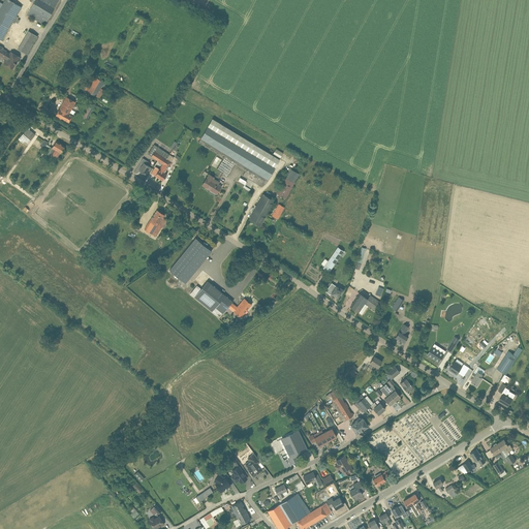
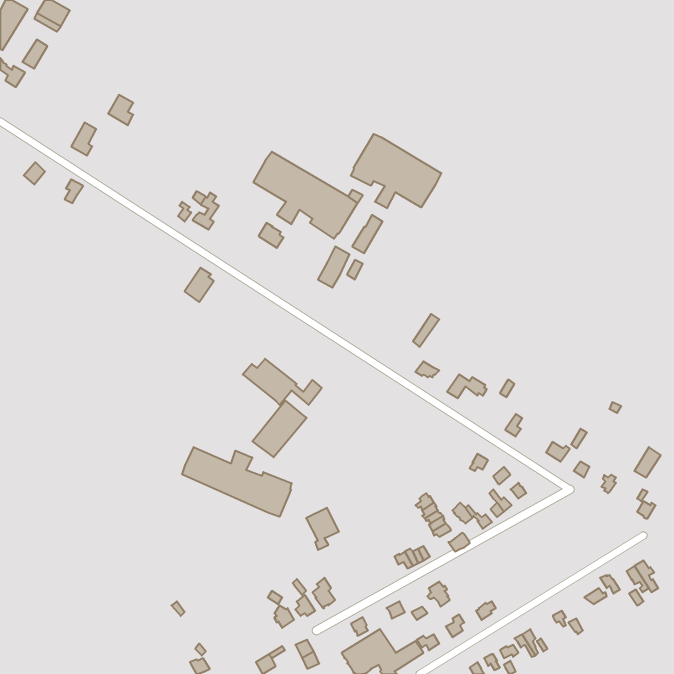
building: none -> [351,134,441,208]
building: [169,238,212,282] -> [252,401,307,457]
building: none -> [182,447,292,517]
building: [281,431,307,464] -> [306,508,339,550]

